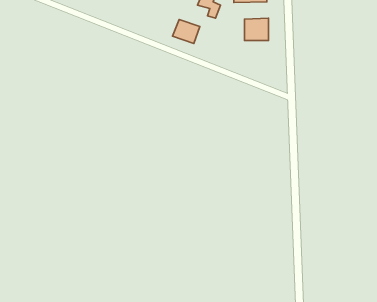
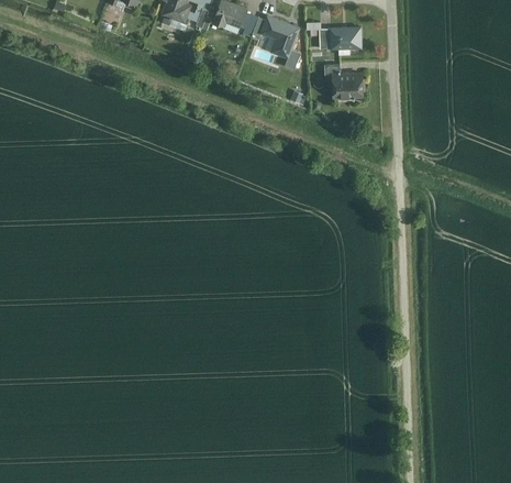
building: [172,19,200,44] -> none

